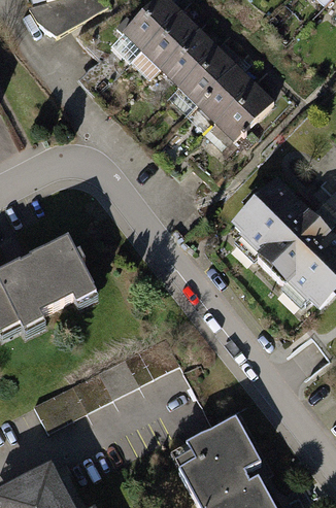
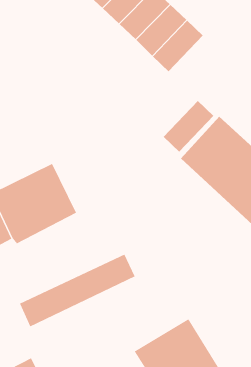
building: [210,81,271,143] -> [163,100,214,153]

